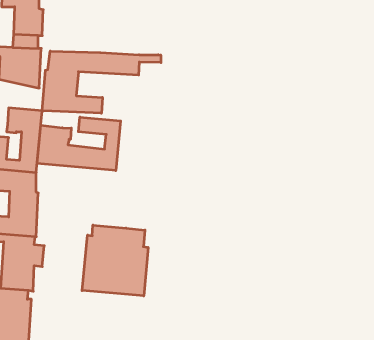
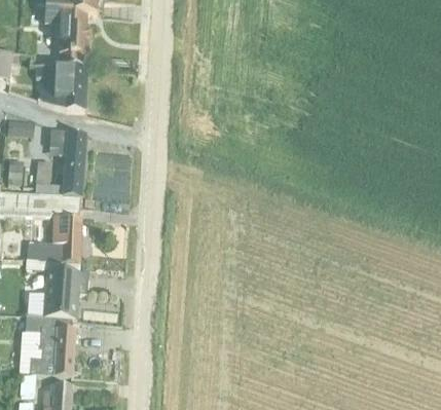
building: [42,51,161,113] -> none
building: [37,117,121,171] -> none
building: [82,225,148,296] -> none

